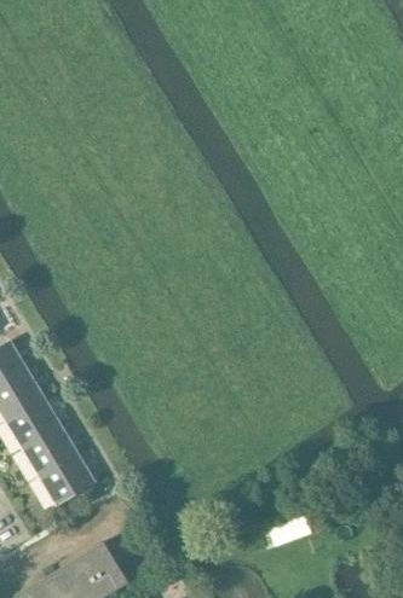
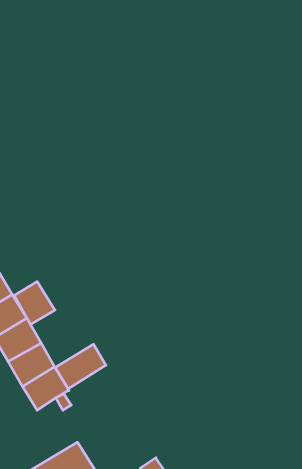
building: none -> [14,282,55,325]
building: none -> [55,344,106,389]

